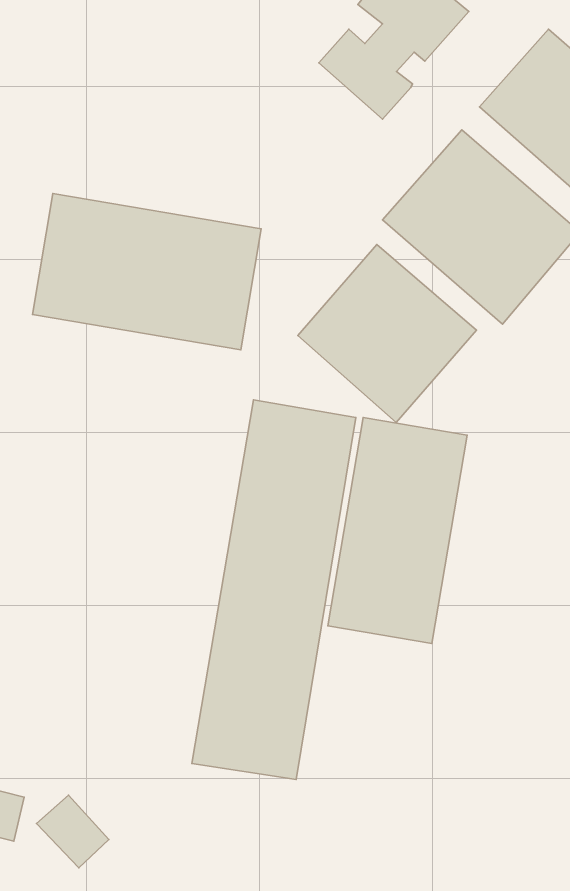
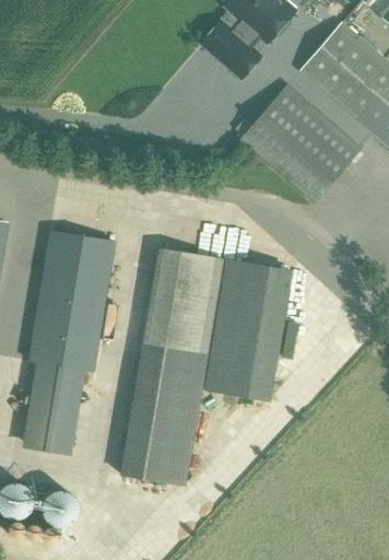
building: [32,193,261,350] -> none
building: [298,245,476,423] -> none
building: none -> [31,231,116,454]

